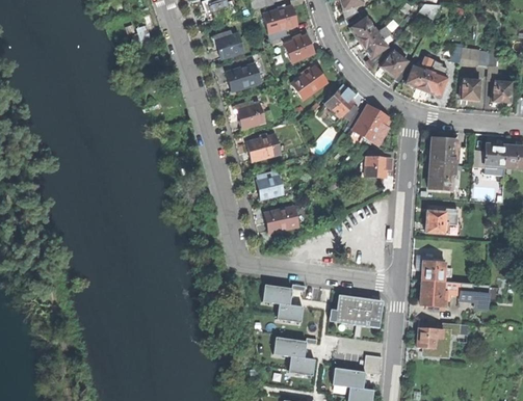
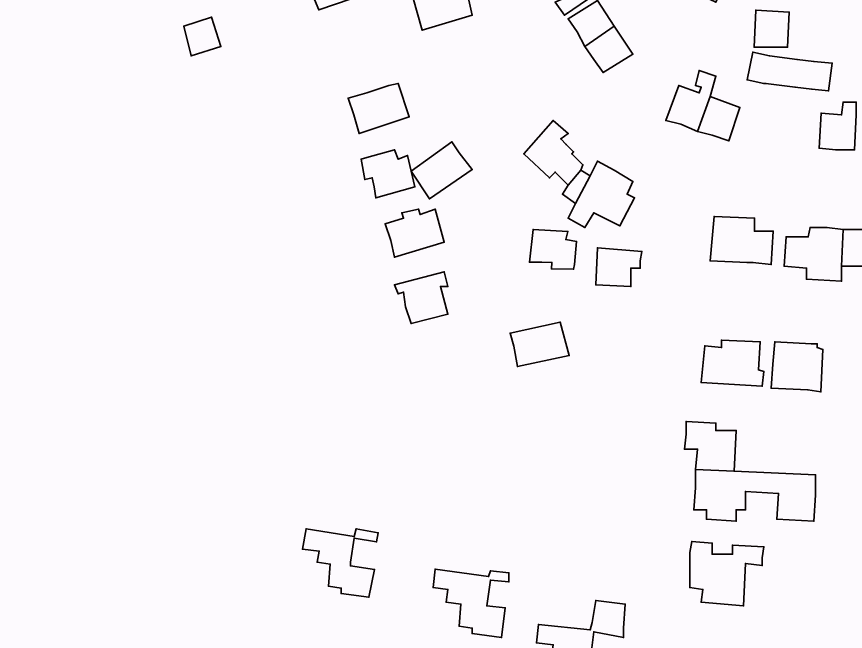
building: [216,30,243,58] -> none
building: [284,35,313,62] -> none
building: [381,50,410,83] -> none
building: [292,66,326,99] -> [411,142,472,199]
building: [461,78,480,99] -> [754,10,789,47]
building: none -> [530,229,576,269]
building: [428,163,457,191] -> [771,342,823,392]
building: [265,207,298,232] -> [510,322,569,366]
building: [263,284,306,322] -> [302,529,378,597]
building: [335,294,383,337] -> none

